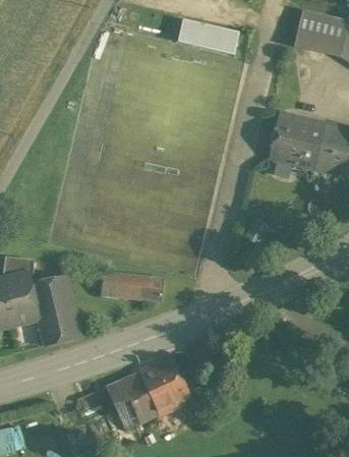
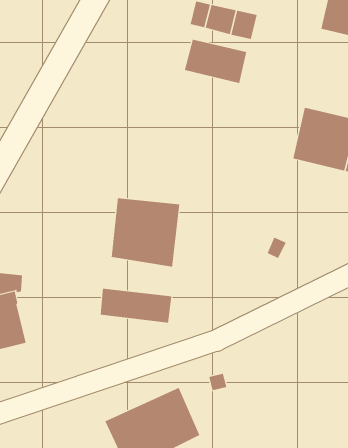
building: none -> [184,39,247,84]
building: none -> [111,198,180,267]
building: [28,276,80,345] -> none

